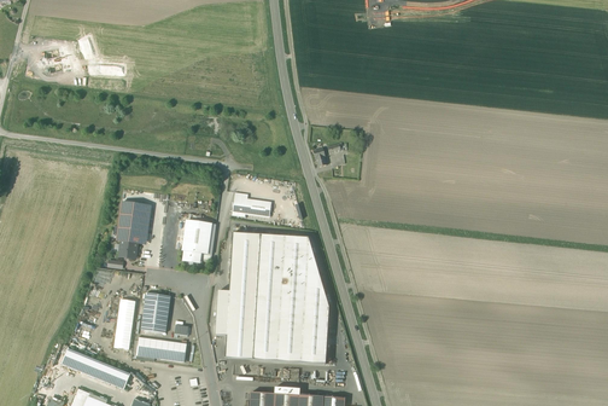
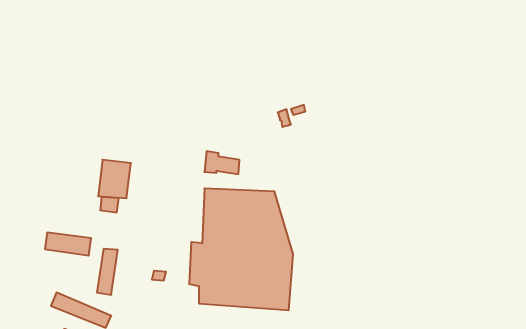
building: [182,220,211,261] -> none
building: [140,292,171,331] -> none
building: [136,336,187,361] -> [45,233,91,256]

